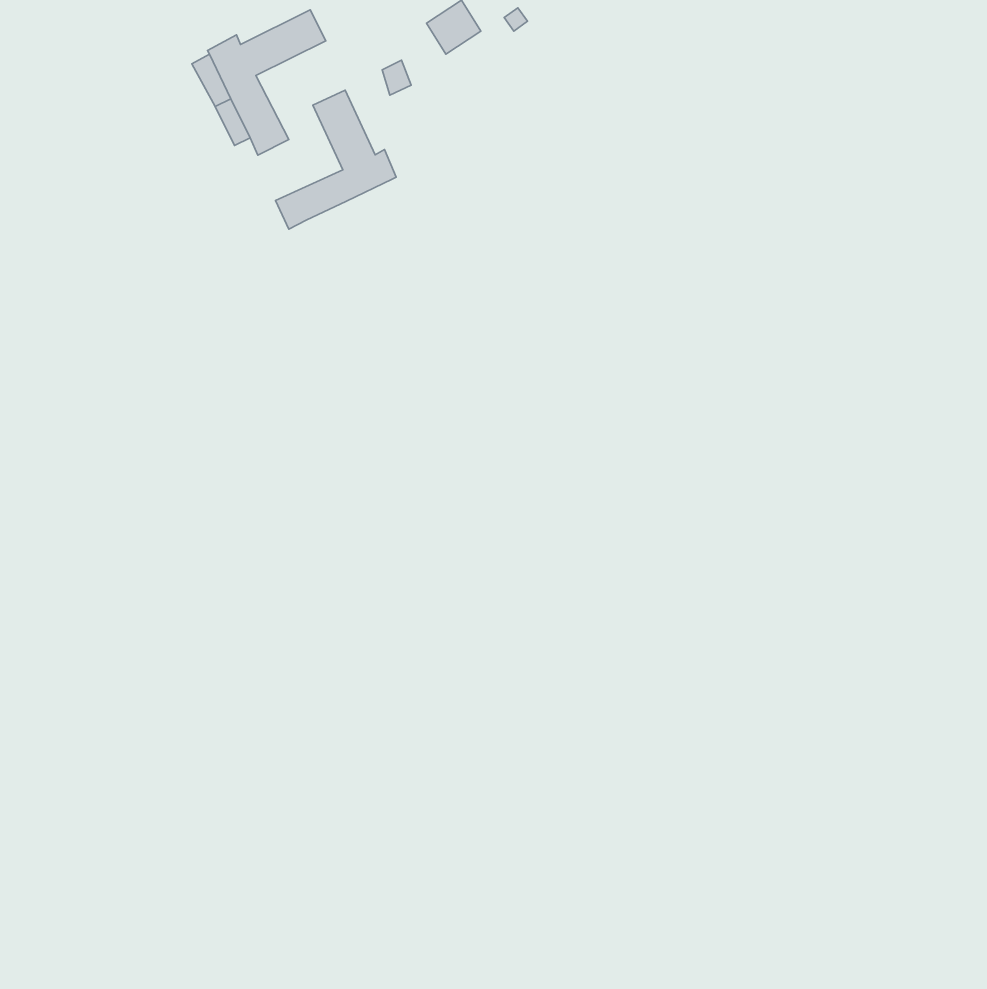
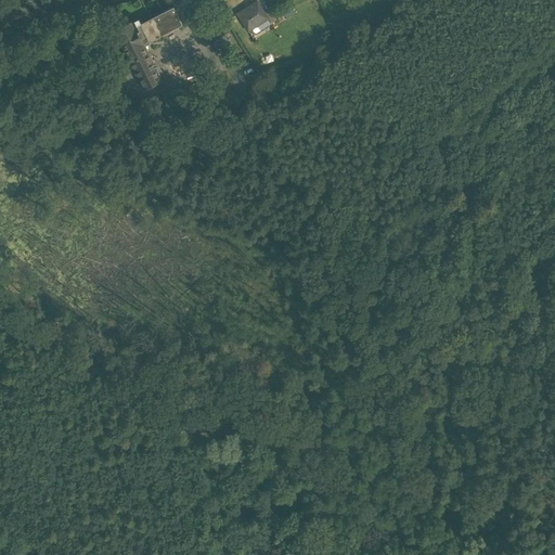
building: [275,90,396,229] -> none

